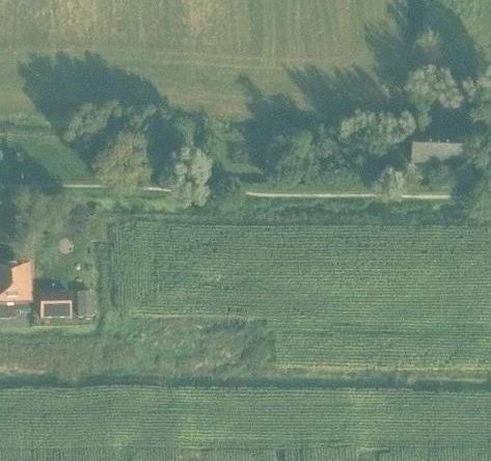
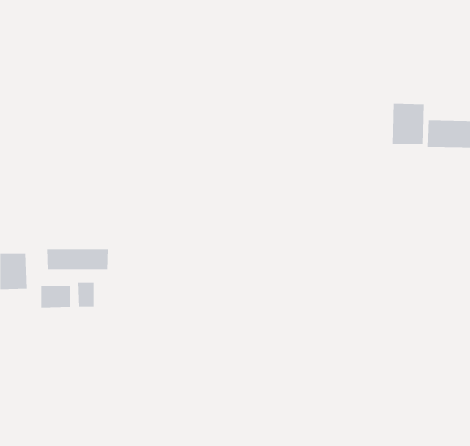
building: none -> [392,103,424,145]
building: none -> [47,248,108,270]

